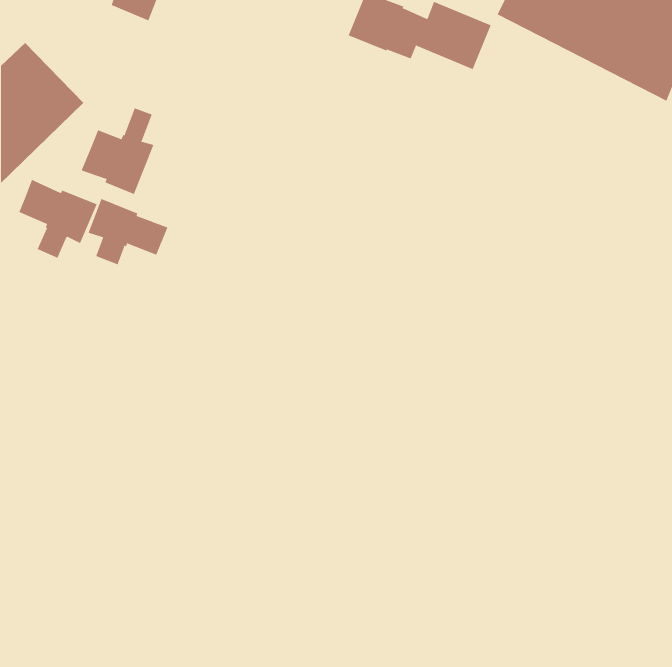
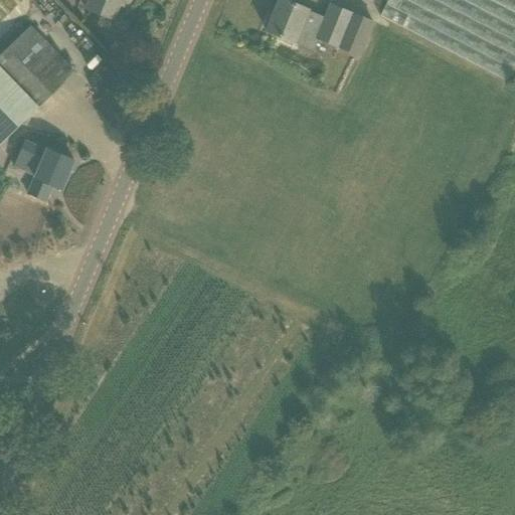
building: [81,108,154,195] -> none
building: [88,198,168,265] -> none

